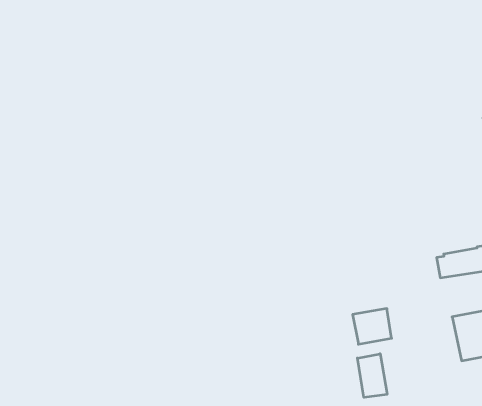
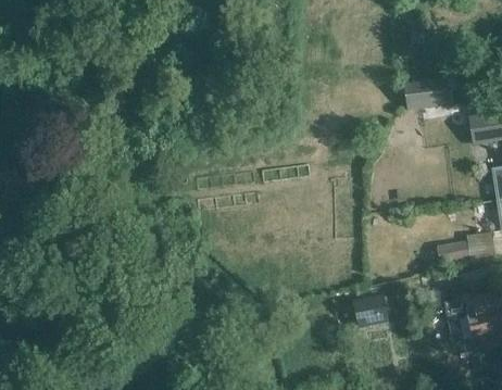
building: none -> [405,68,453,110]
building: [357,354,387,397] -> none

